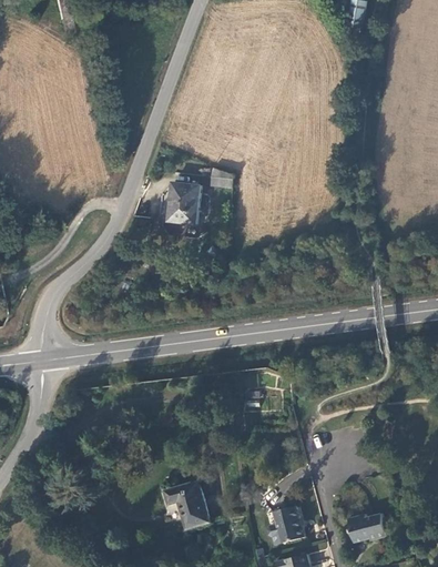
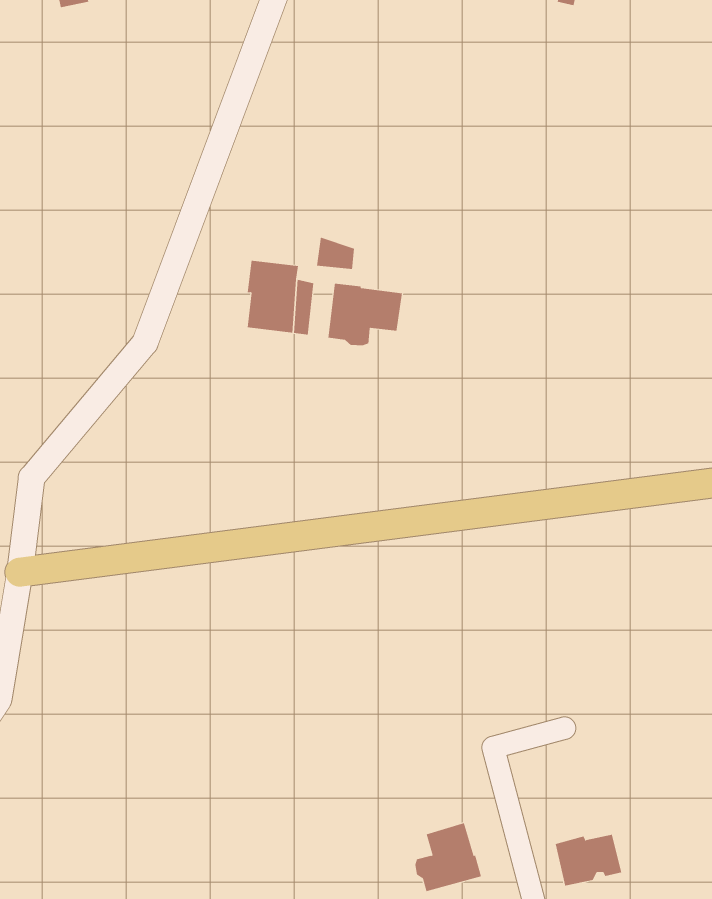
building: none -> [328,283,402,346]
building: [163,482,208,528] -> none

